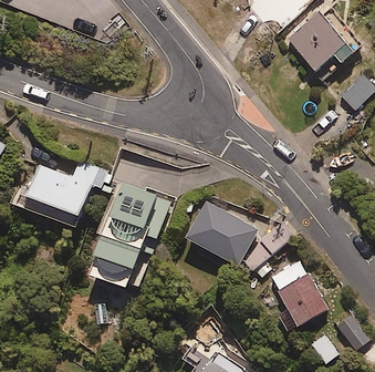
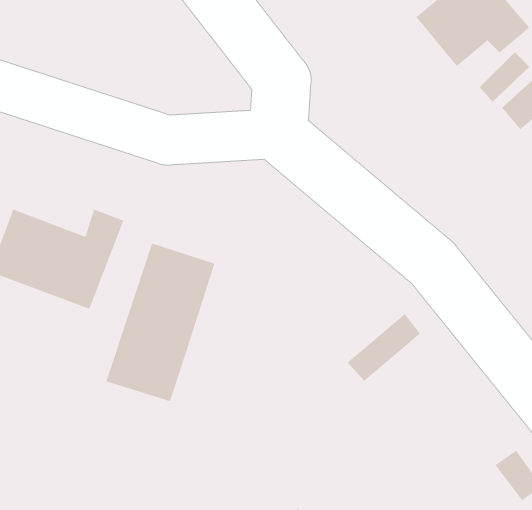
building: [186,200,258,266] -> none
building: [271,261,326,324] -> none

